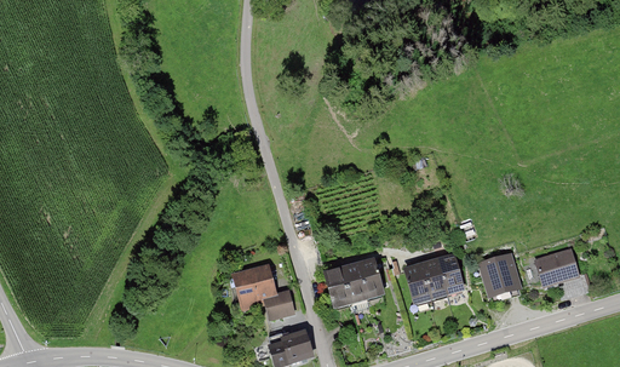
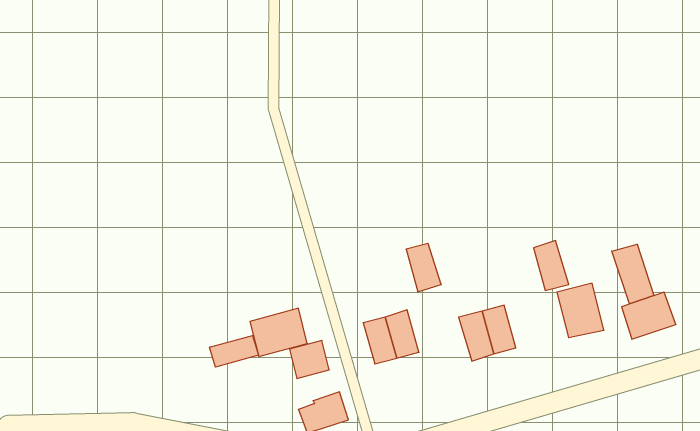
building: none -> [612,244,654,304]
building: [438,253,467,294] -> [534,241,569,290]
building: [358,258,388,298] -> [406,243,441,292]
building: none -> [210,335,258,367]

